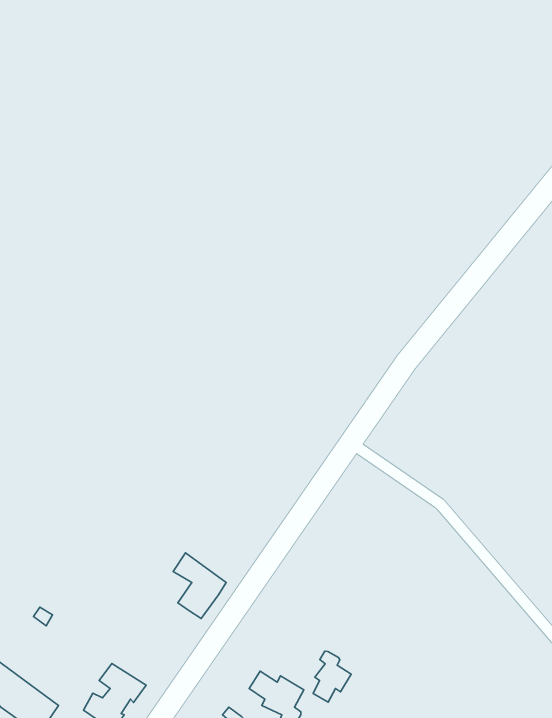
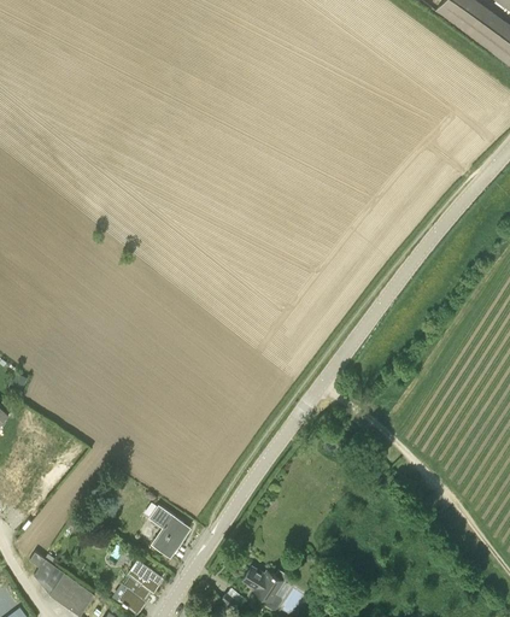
building: [173,553,226,618] -> [150,505,190,556]
building: [313,651,351,702] -> none

